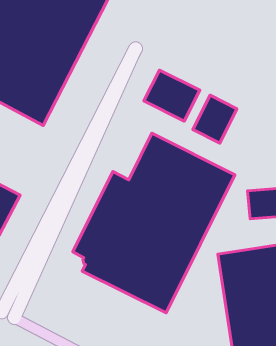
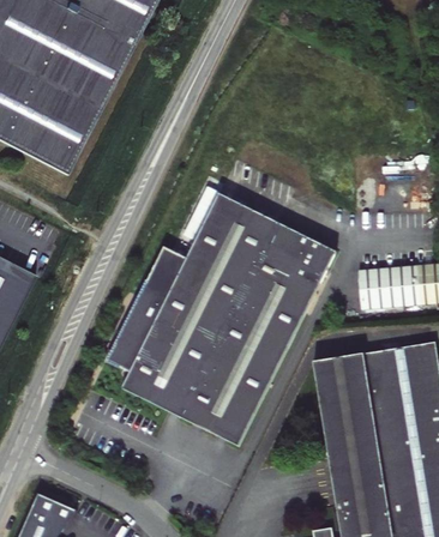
building: [144,70,200,121] -> none
building: [193,95,237,143] -> none

